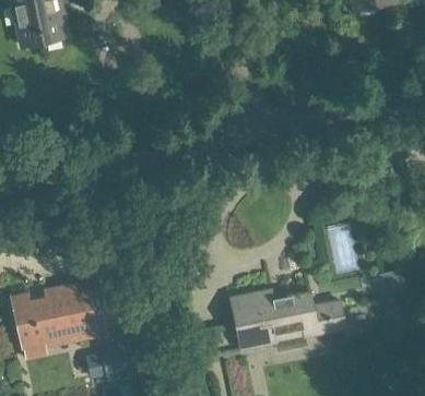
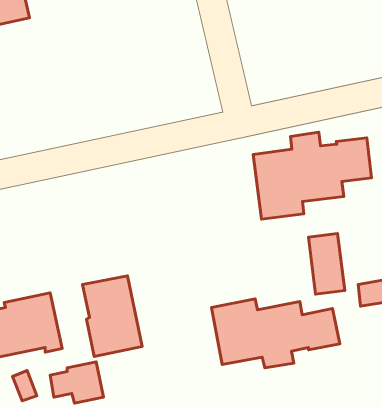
building: none -> [253,132,371,219]
building: none -> [83,276,142,357]

